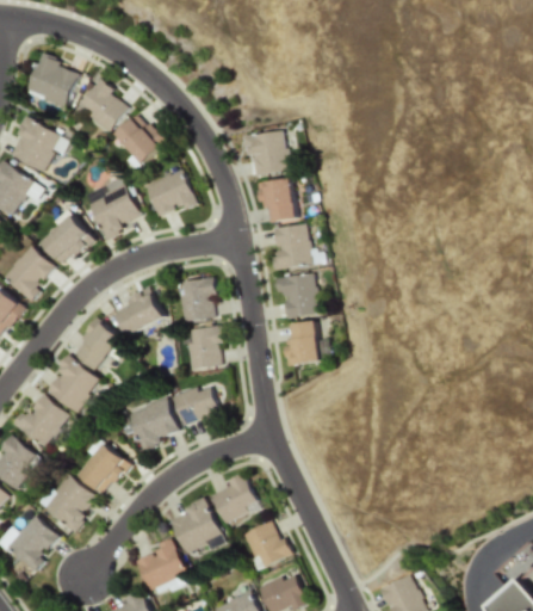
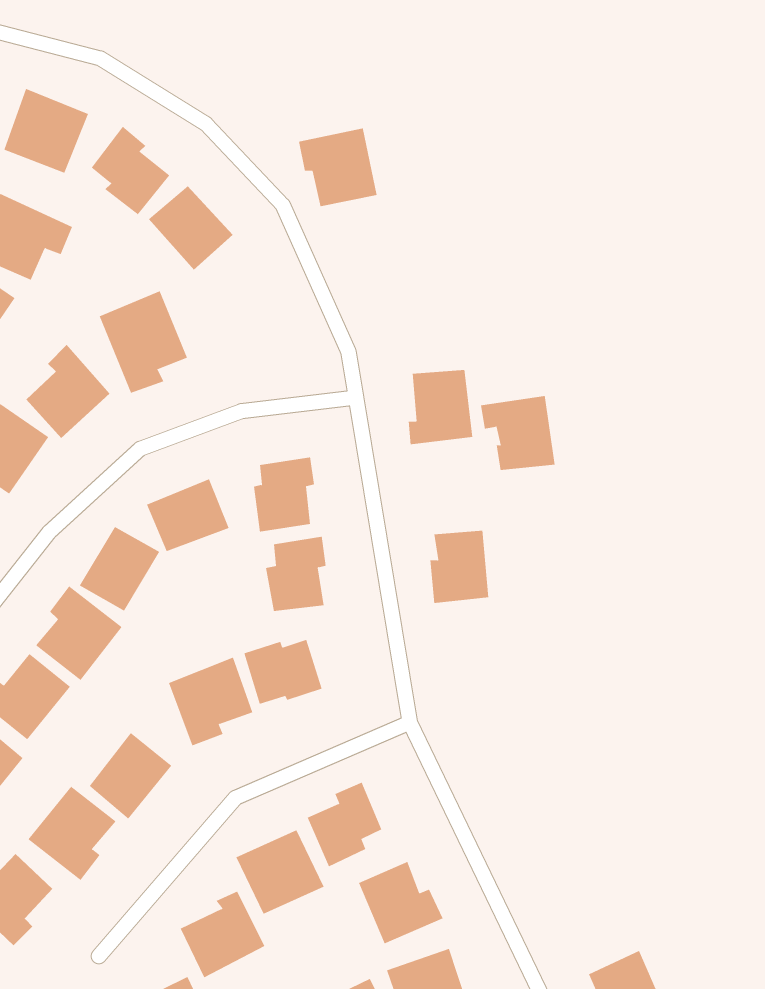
building: [243,129,291,177] -> [298,128,377,207]
building: [144,168,197,218] -> none
building: [260,178,298,223] -> none
building: [274,272,320,317] -> [480,395,555,471]

